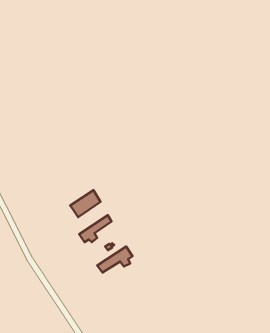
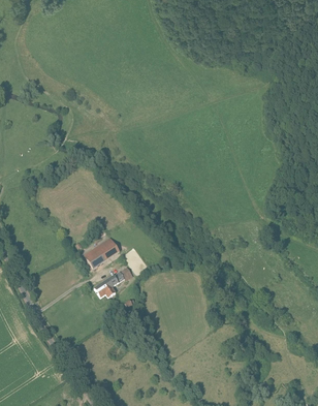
building: [97,246,133,272] -> none

